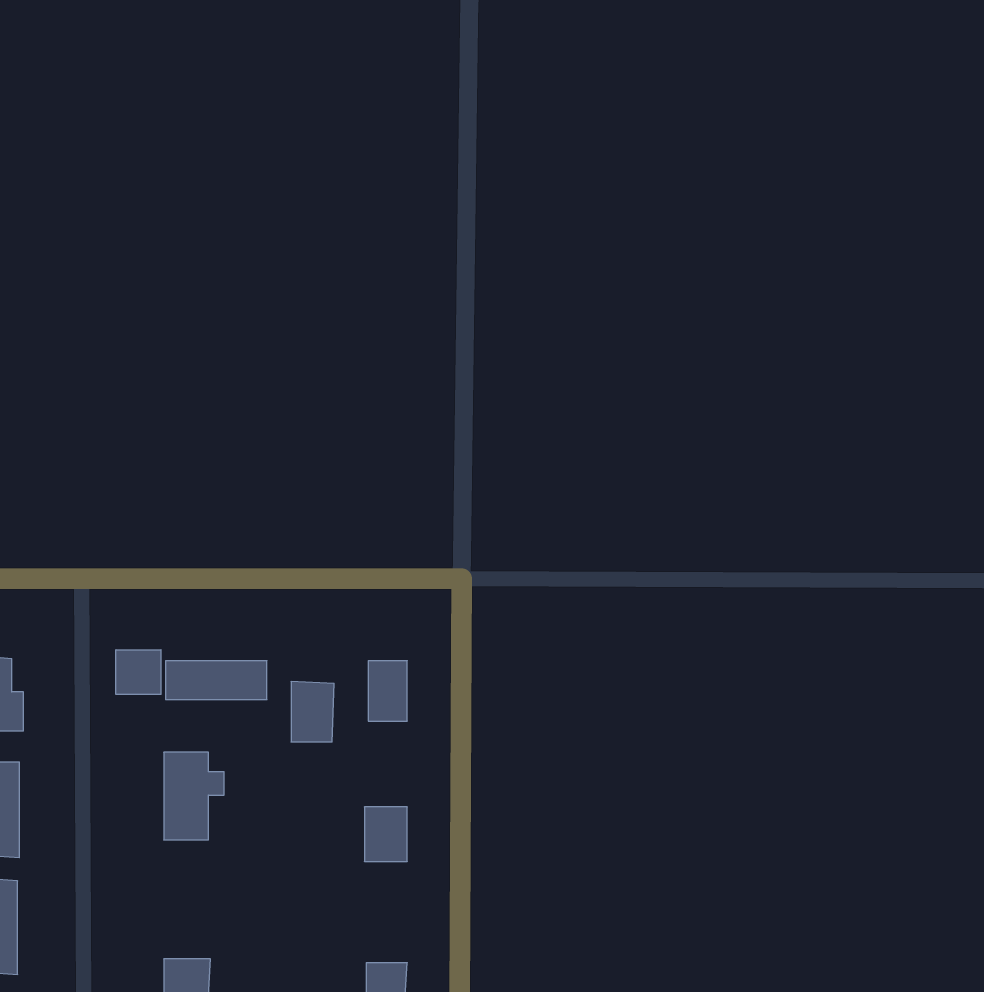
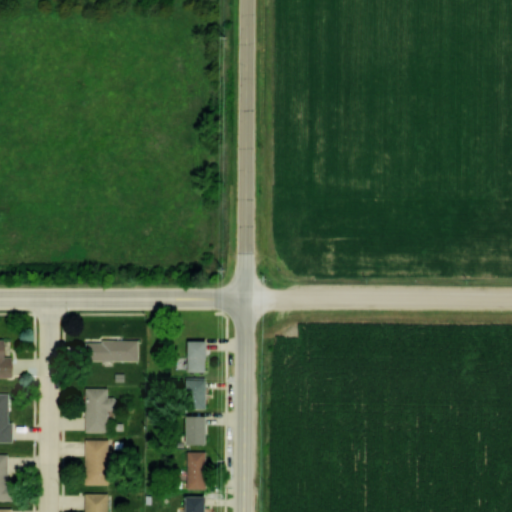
building: [116,650,161,694] -> none
building: [291,682,334,742] -> [188,378,210,409]
building: none -> [84,440,108,485]
building: none -> [186,452,205,489]

